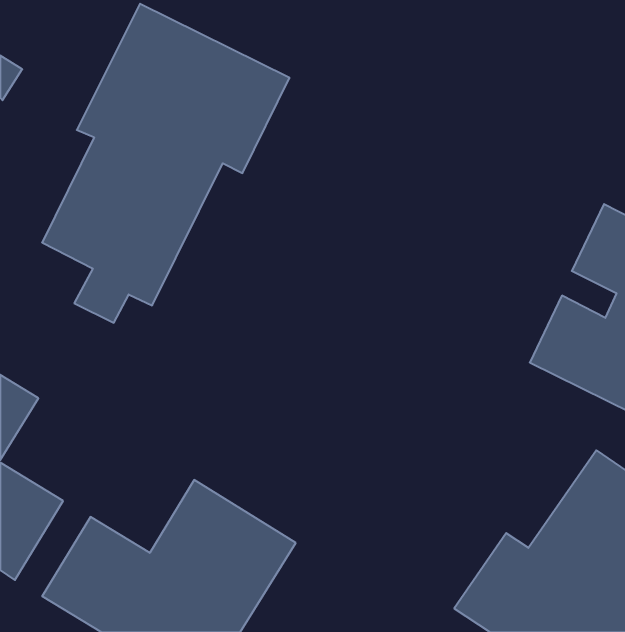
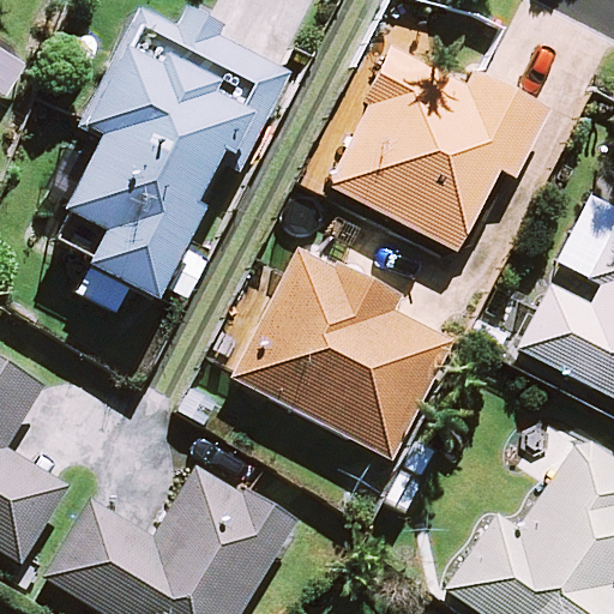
building: none -> [331,49,547,251]
building: none -> [207,249,449,458]

